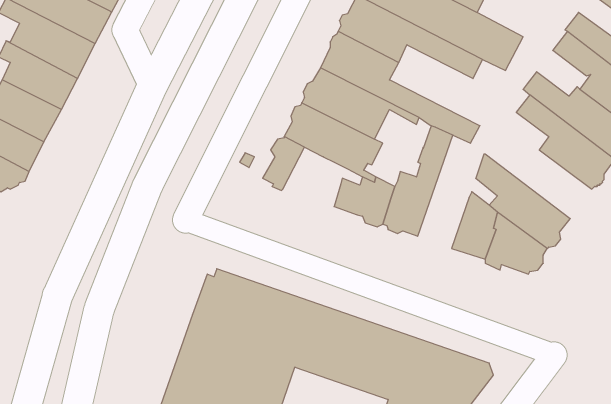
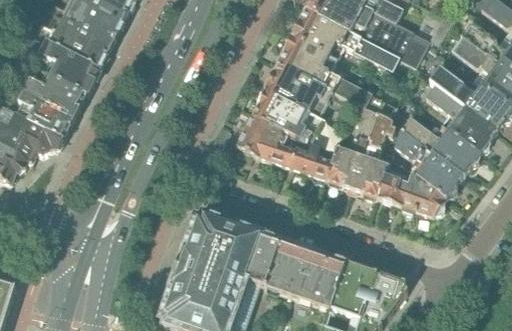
building: none -> [351,112,395,197]
building: none -> [401,114,480,174]
building: none -> [251,121,294,165]

